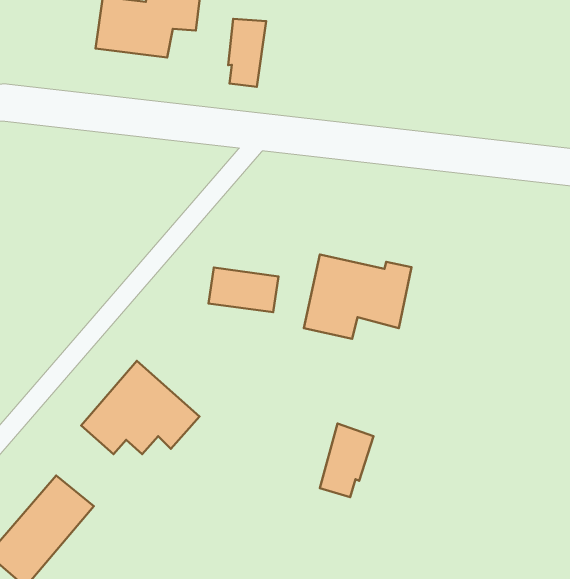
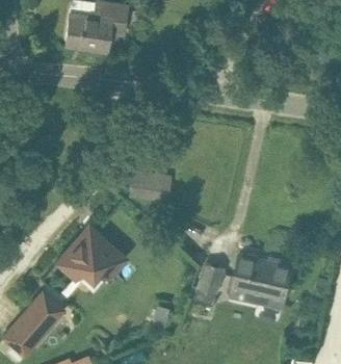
building: [228,19,266,87] -> none
building: [304,254,411,339] -> [230,255,292,304]

